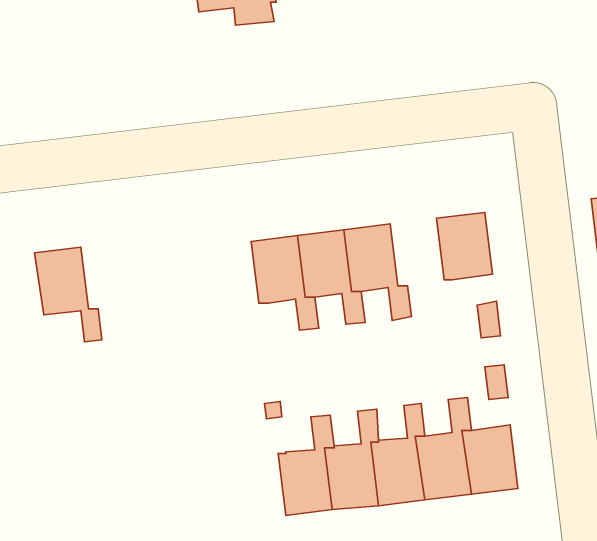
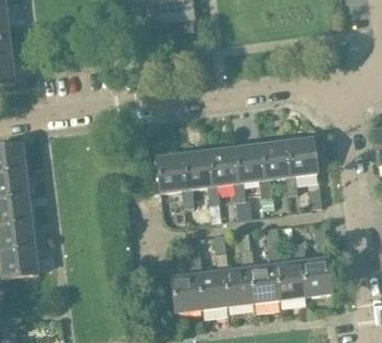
building: none -> [260,140,297,195]
building: [34,247,102,342] -> [156,154,194,207]
building: none -> [171,255,201,311]

